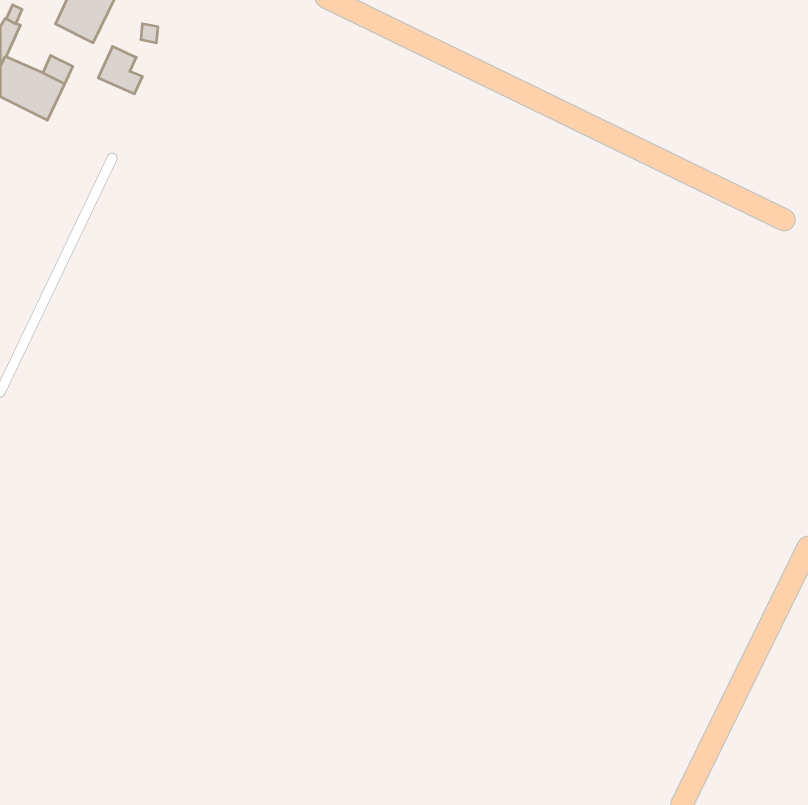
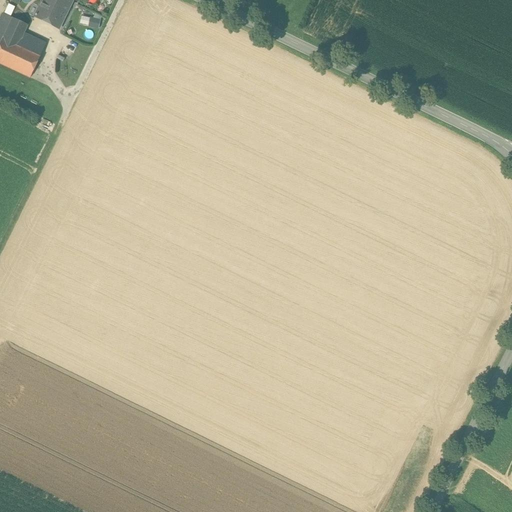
building: [98,46,142,94] -> [4,16,32,46]

